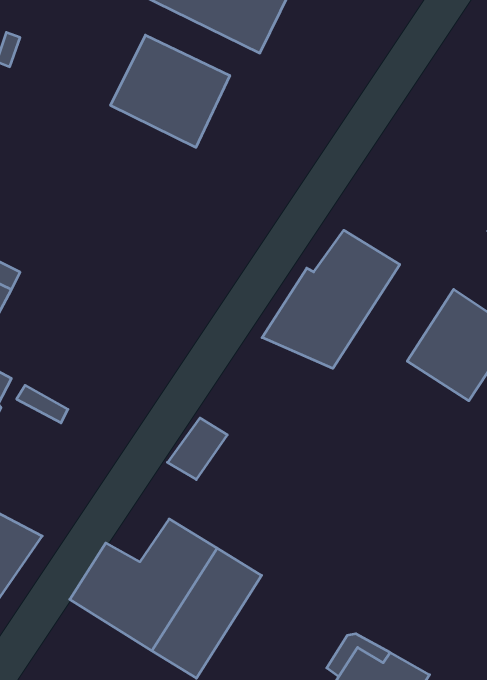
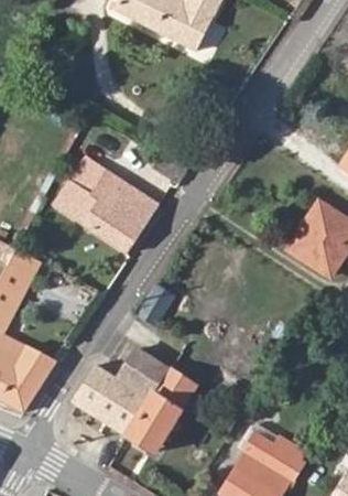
building: [111,35,230,147] -> none
building: none -> [54,162,156,250]
building: [262,230,400,368] -> none

